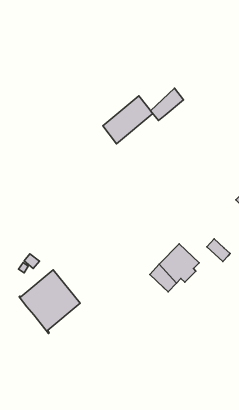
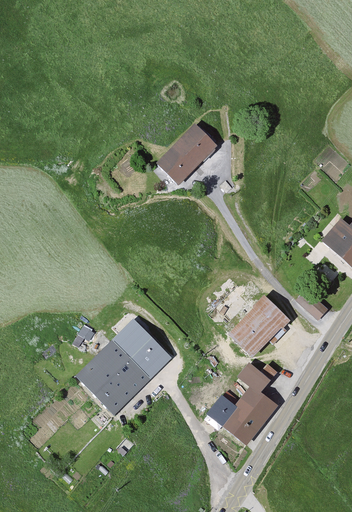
building: [151,88,183,121] -> none
building: none -> [114,320,169,377]
building: none -> [207,364,277,443]

